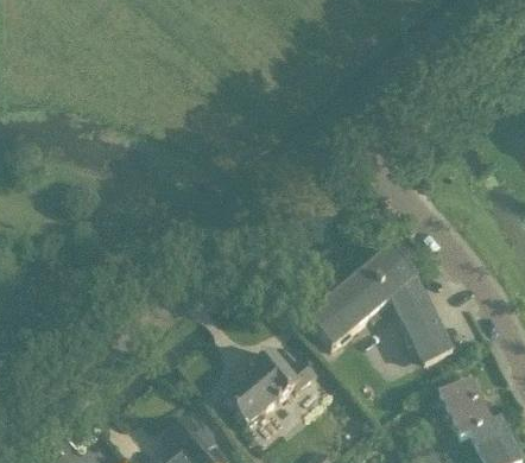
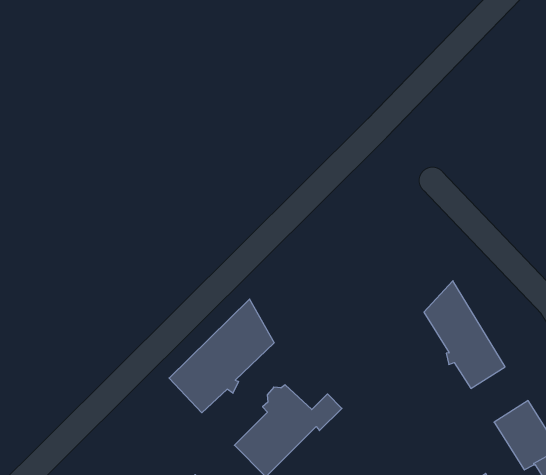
building: [306,242,416,345] -> none
building: none -> [169,299,274,413]

